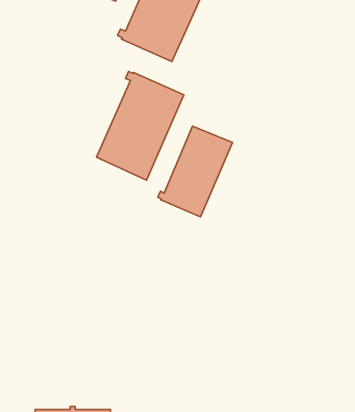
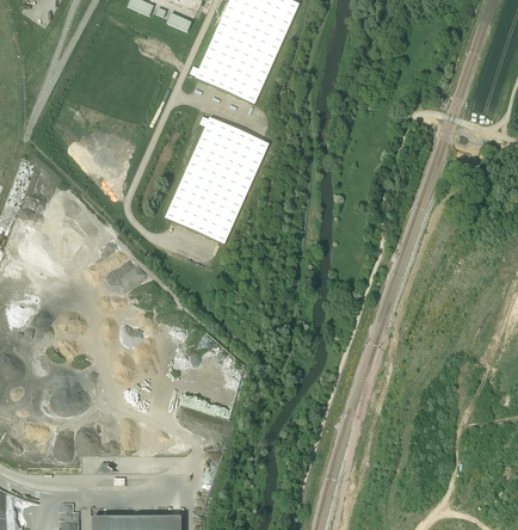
building: [158,126,233,217] -> none

